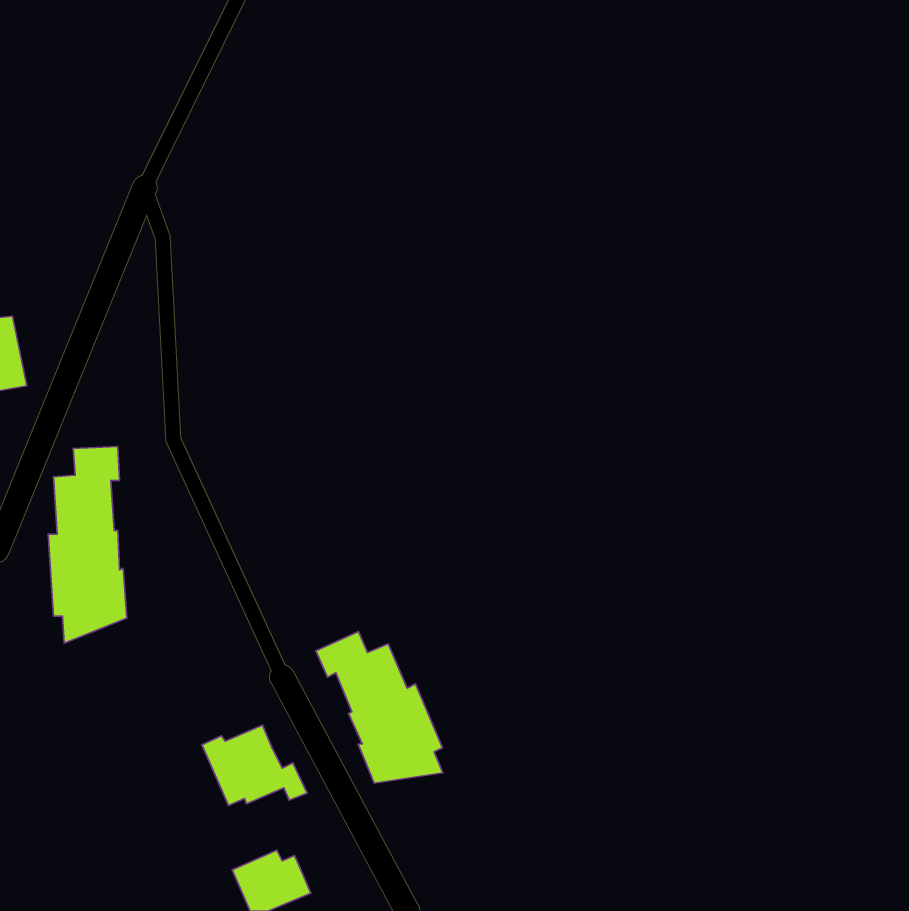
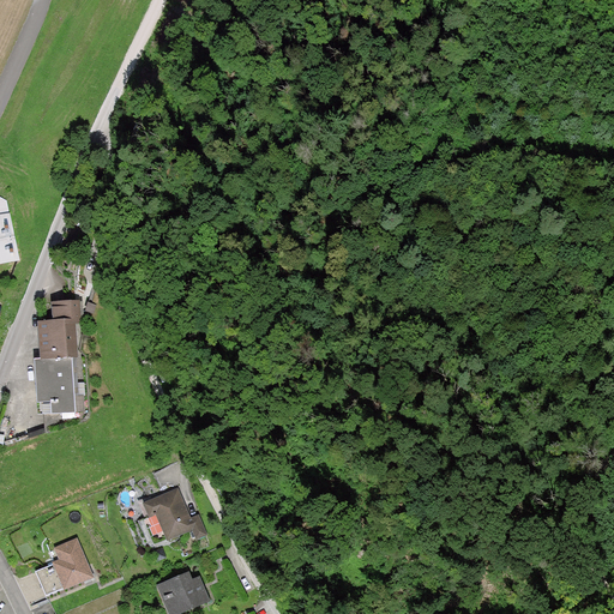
building: [316,632,443,783] -> none
building: none -> [35,537,91,596]

